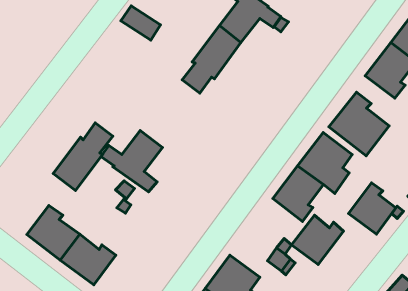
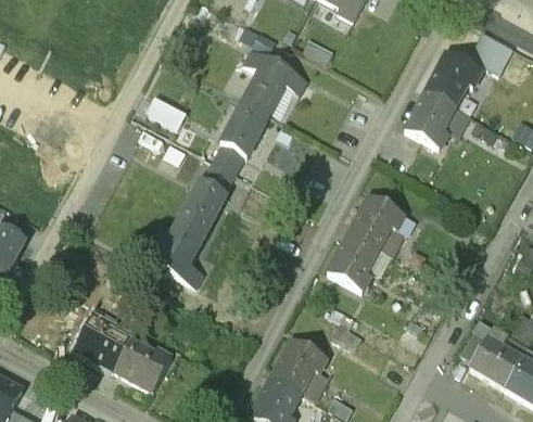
building: [329,92,389,156] -> none
building: [53,123,113,190] -> [178,162,234,235]
building: [348,183,396,234] -> none
building: [292,215,343,265] -> none

